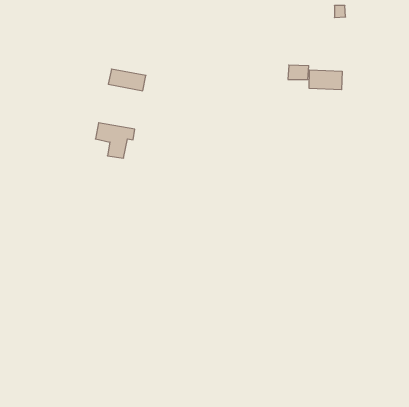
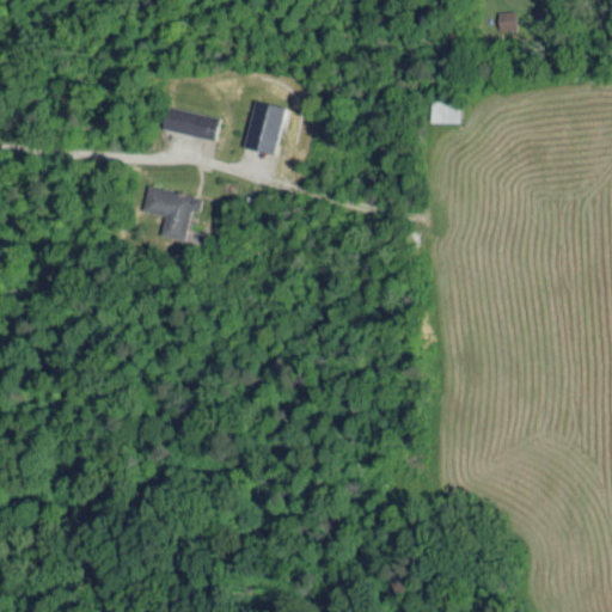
building: none -> [243,100,286,155]
building: [309,70,342,90] -> none

